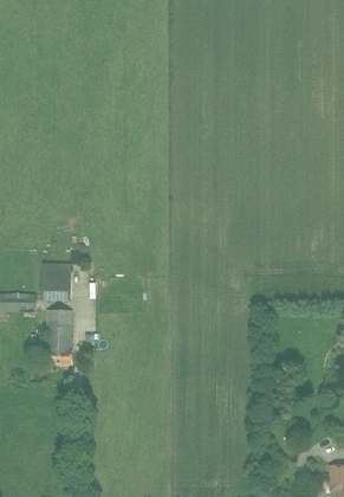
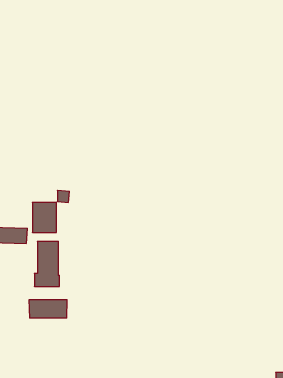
building: none -> [29,300,67,318]

